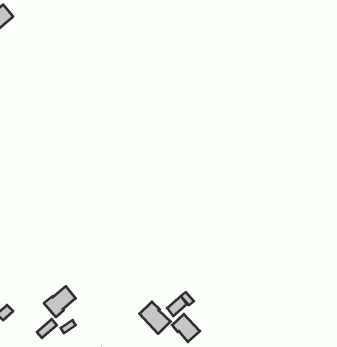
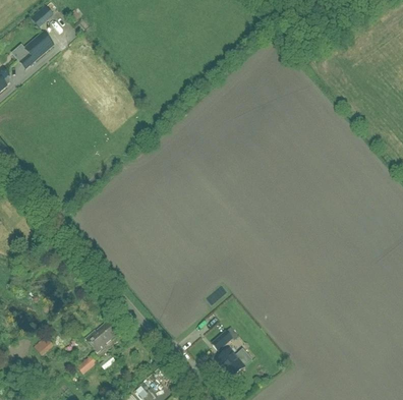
building: [139,302,171,334] -> none

